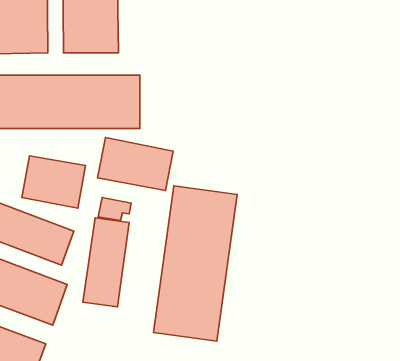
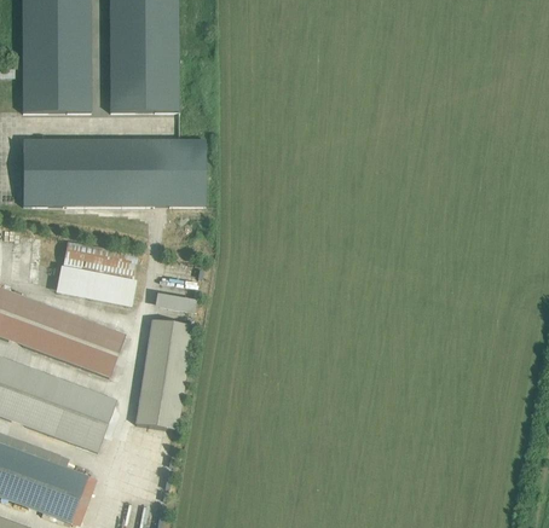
building: [98,137,173,190] -> none
building: [154,186,237,341] -> none

